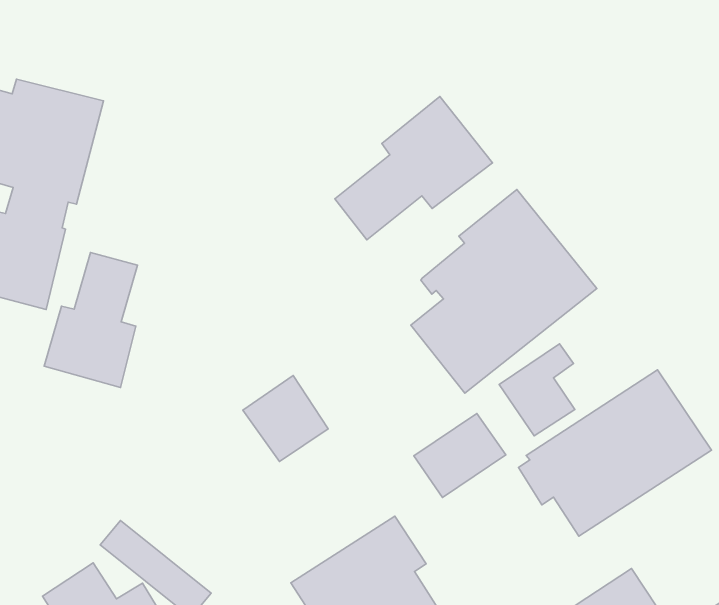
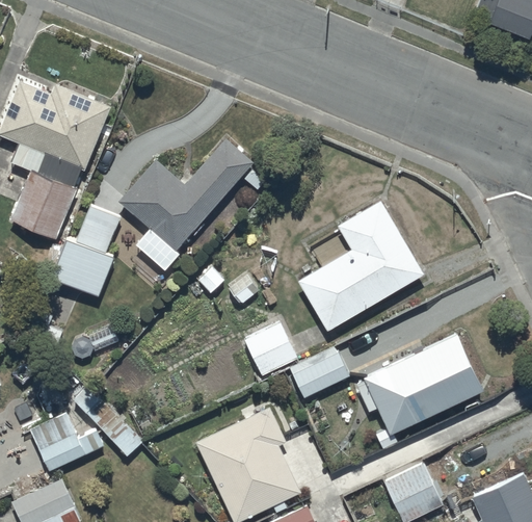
building: [335,97,493,240] -> none
building: none -> [117,137,254,251]
building: [499,344,575,436] -> none
building: [243,376,328,462] -> [242,320,297,376]

